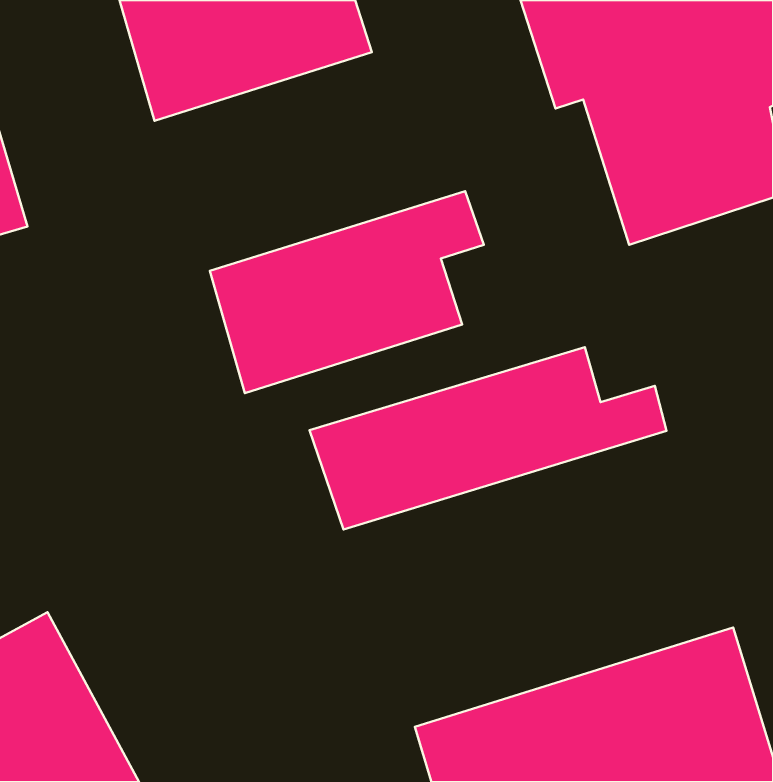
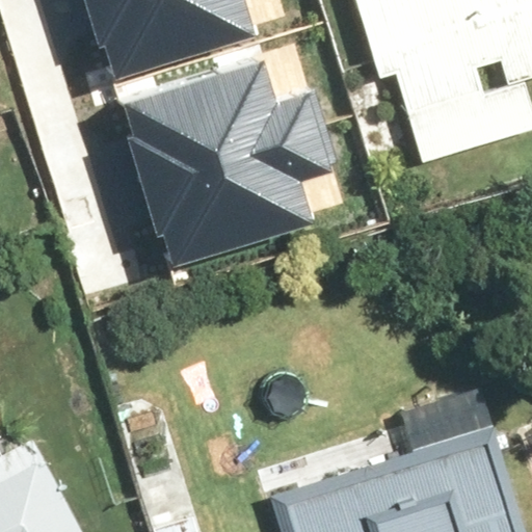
building: none -> [116,55,316,184]
building: [310,347,667,529] -> none

